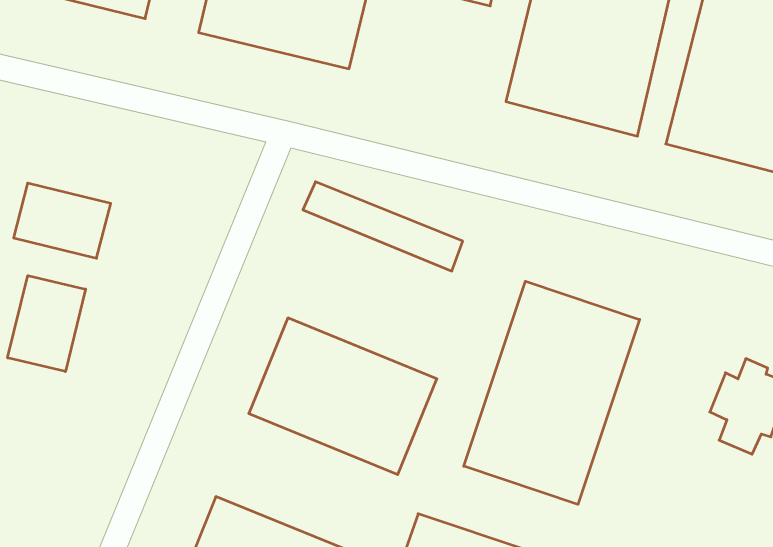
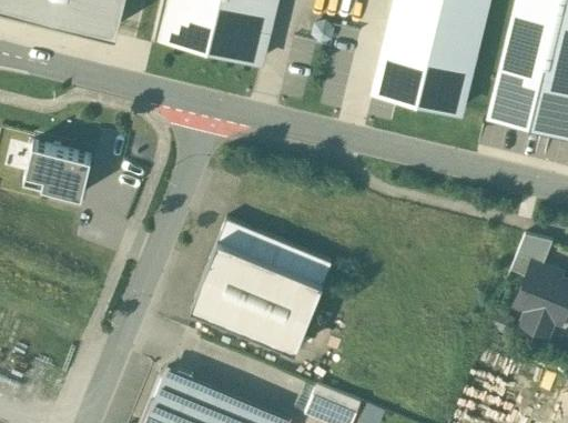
building: [303,182,463,271] -> [217,222,331,285]
building: [8,276,86,372] -> none
building: [464,281,640,504] -> none
building: none -> [510,239,552,285]

